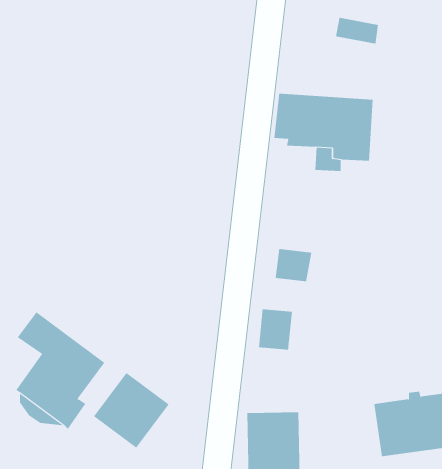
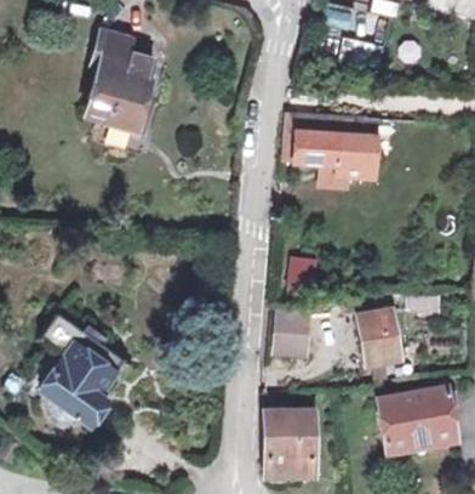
building: none -> [85,30,159,131]
building: none -> [360,313,400,363]
building: [93,372,169,448] -> none

